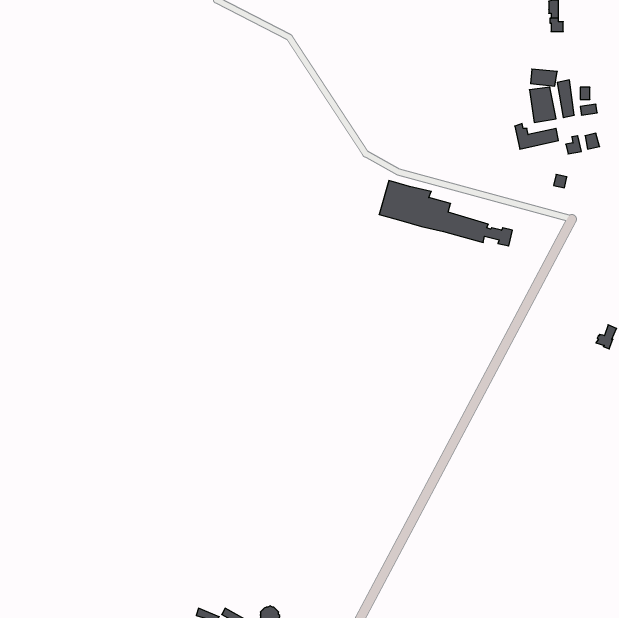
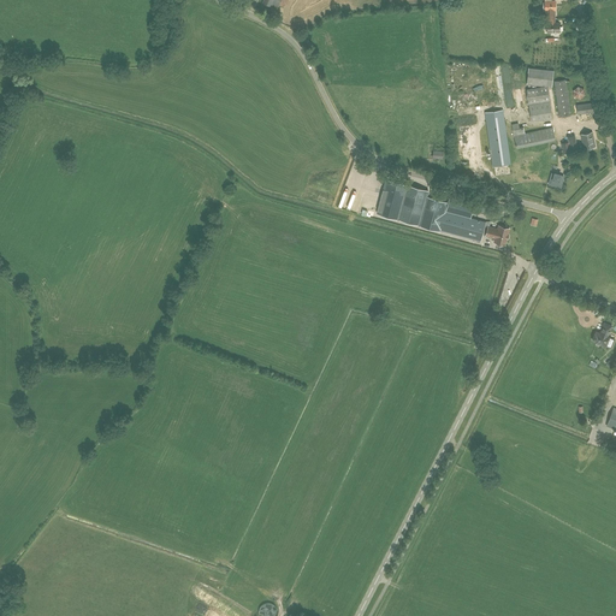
building: none -> [485,111,510,167]

